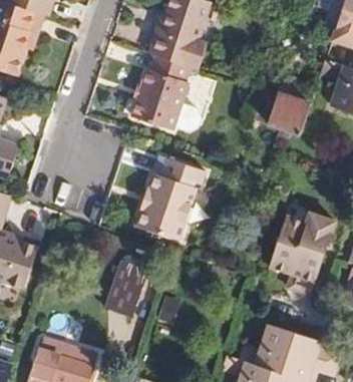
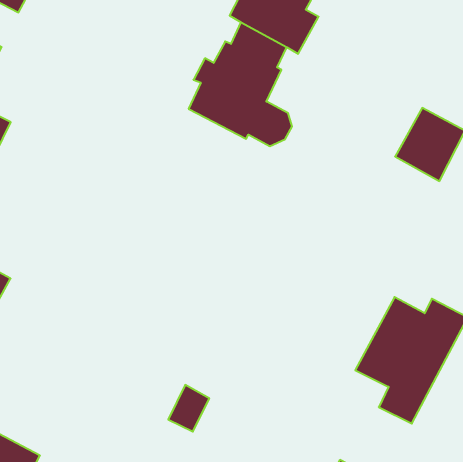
building: [138,157,206,240] -> none
building: [109,258,149,310] -> none

